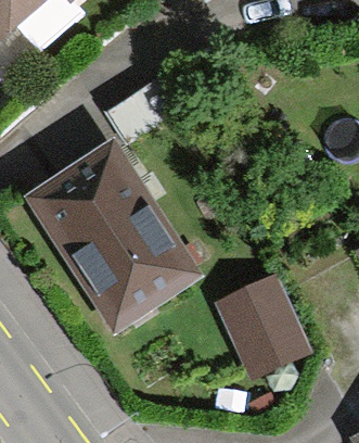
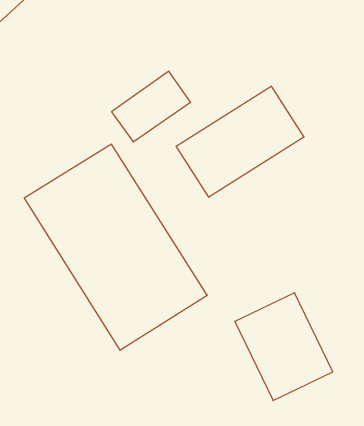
building: none -> [176,86,304,197]

